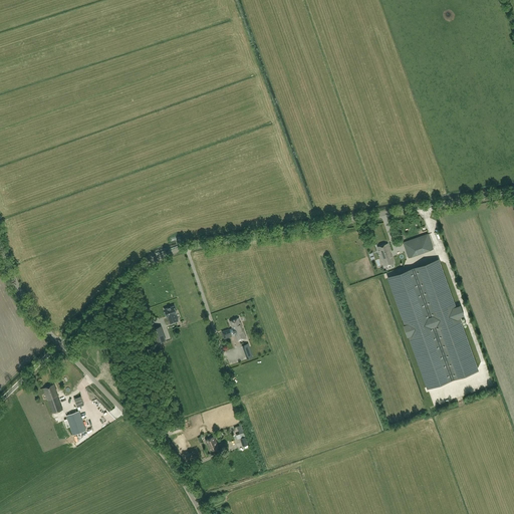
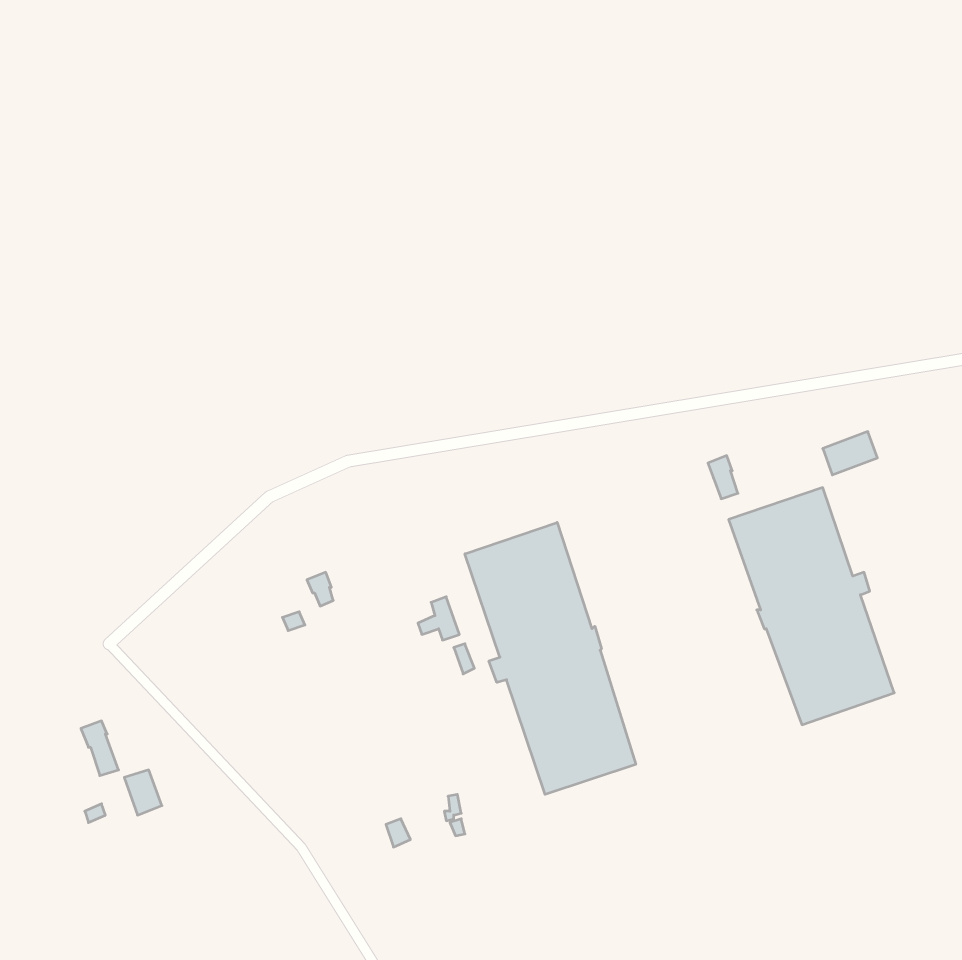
building: [404,235,433,258] -> [823,432,877,475]
building: none -> [465,522,636,794]

